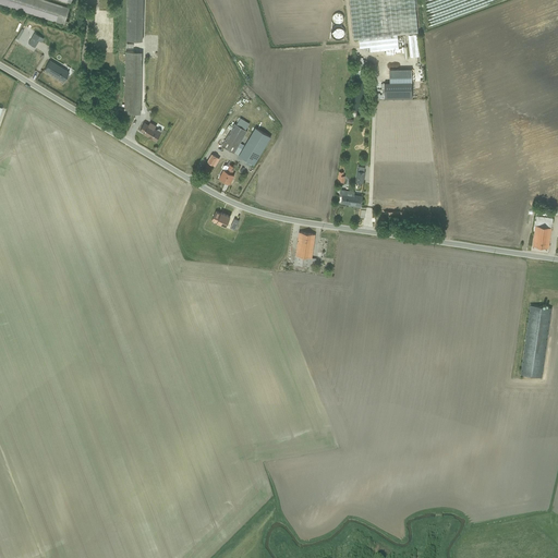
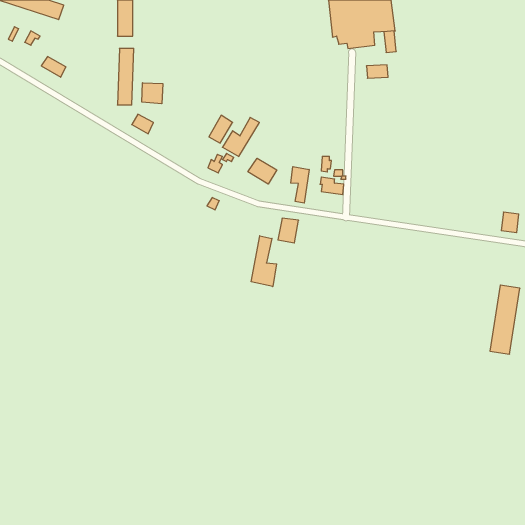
building: none -> [142,83,163,104]
building: none -> [248,158,277,184]
building: none -> [291,167,309,203]
building: none -> [251,236,277,287]

